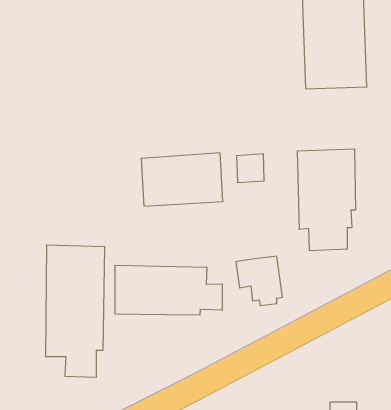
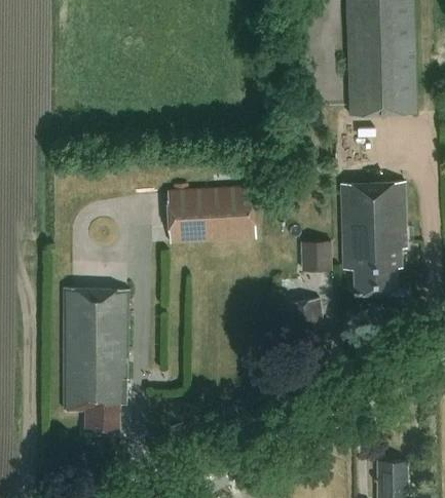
building: [236,154,264,183] -> [300,239,331,271]
building: [115,265,222,315] -> none

